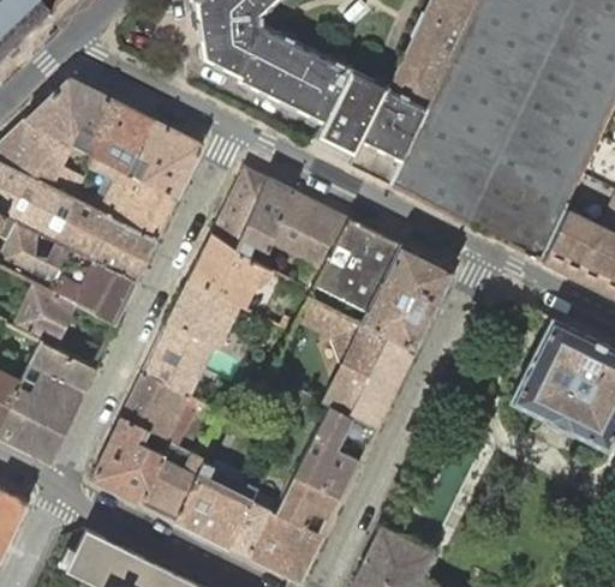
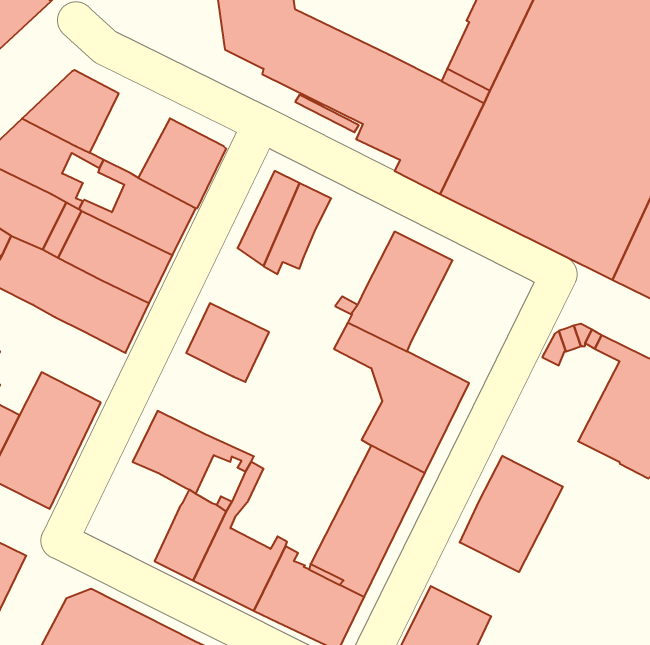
building: [84,97,154,170] -> none
building: [270,188,350,266] -> none
building: [189,232,267,307] -> none
building: [360,242,453,349] -> none
building: [13,281,78,347] -> none
building: [143,323,209,394] -> none
building: none -> [460,456,563,572]
building: [91,418,171,504] -> none

